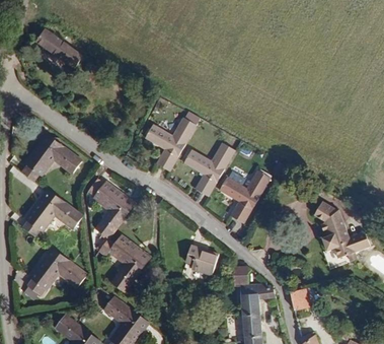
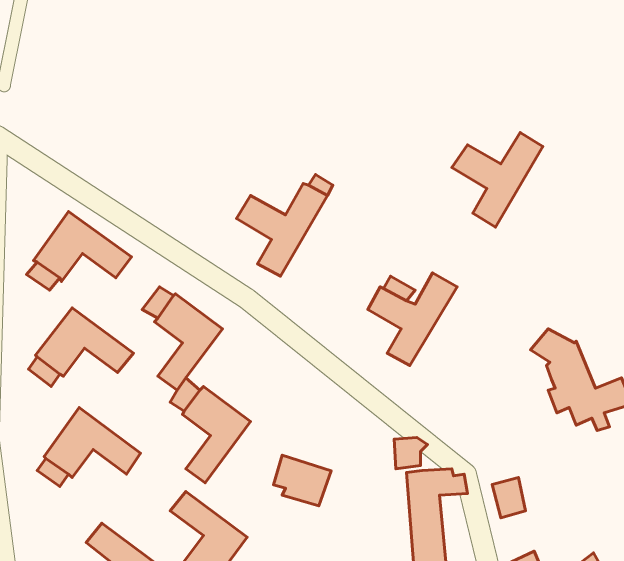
building: [34,27,82,68] -> none
building: [180,143,233,198] -> [452,132,543,227]
building: [185,245,219,274] -> [273,455,331,506]

